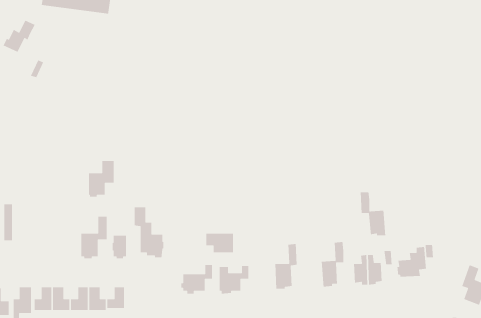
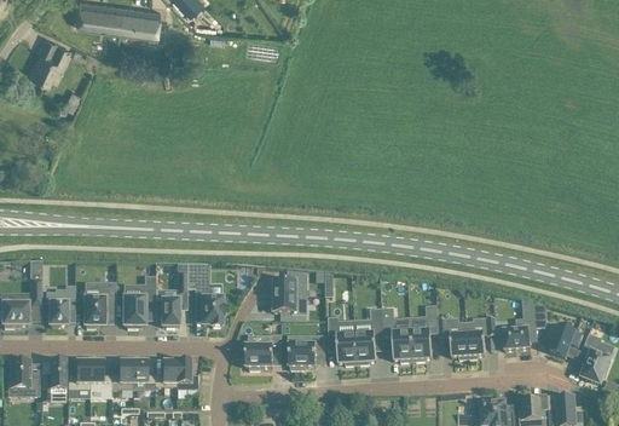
building: [88,160,115,198] -> [85,282,116,327]
building: [360,192,386,236] -> [382,307,413,361]
building: none -> [273,270,307,295]
building: none -> [47,286,75,327]
building: none -> [329,317,357,364]
building: none -> [548,322,583,357]
building: none -> [177,359,199,388]

